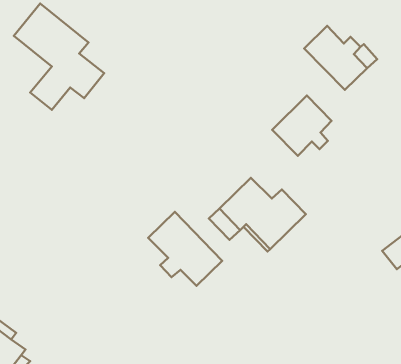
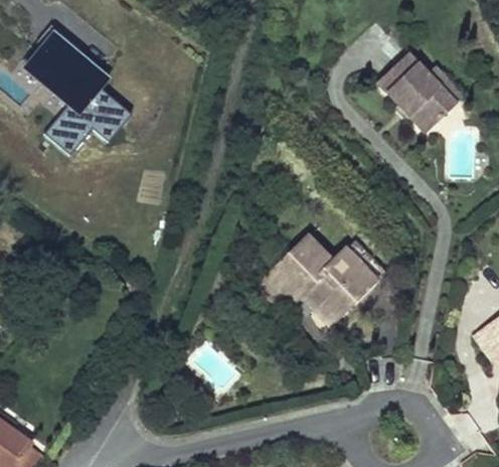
building: [272,96,332,156] -> none
building: [148,212,222,286] -> none

